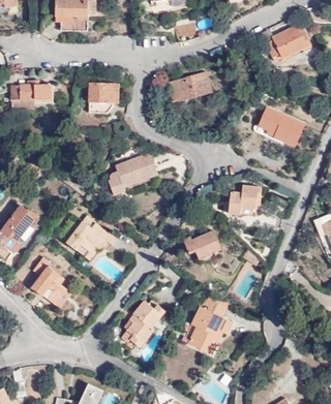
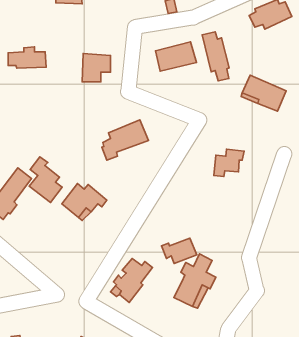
building: none -> [202,32,229,81]
building: [184,230,221,257] -> [162,238,197,264]
building: [32,257,67,306] -> [29,157,62,203]

